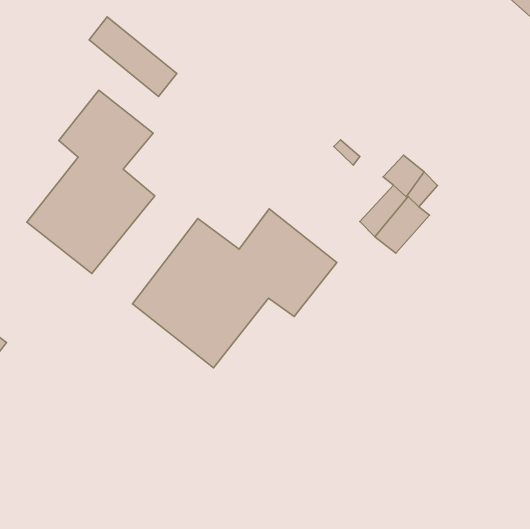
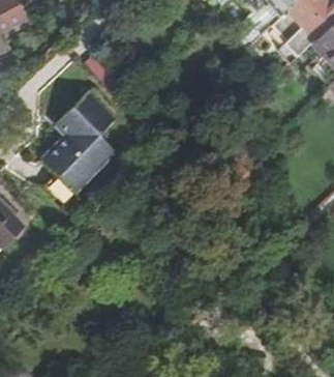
building: [132,209,337,368] -> none

